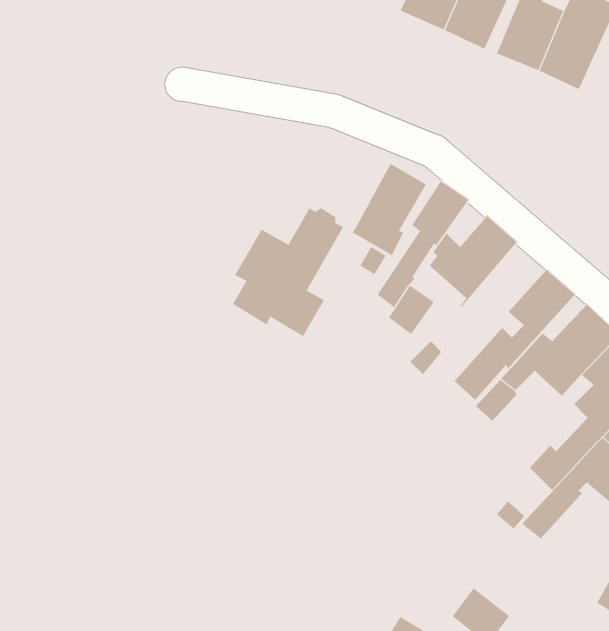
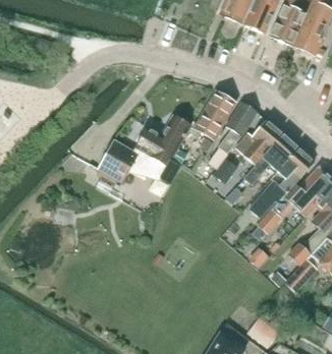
building: none -> [246,134,297,181]
building: none -> [97,140,139,183]

